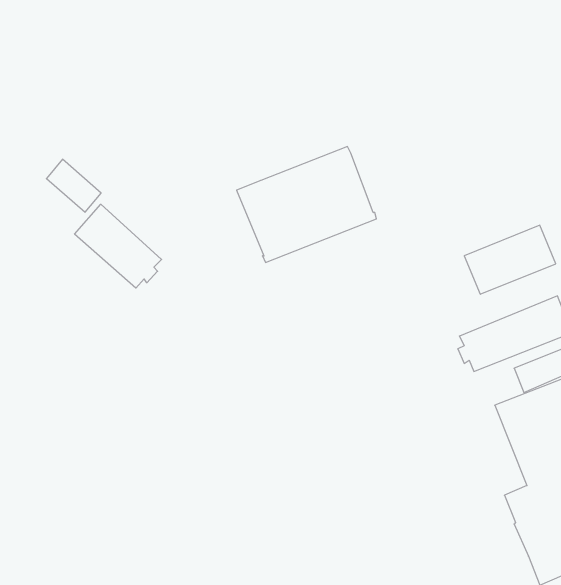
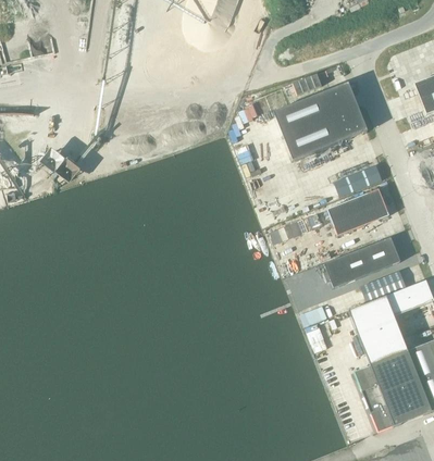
building: [237,147,376,262] -> [273,82,368,160]
building: none -> [334,164,382,196]
building: [75,204,162,288] -> none

